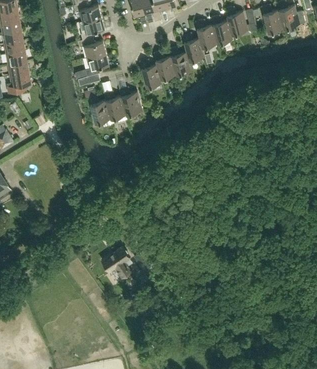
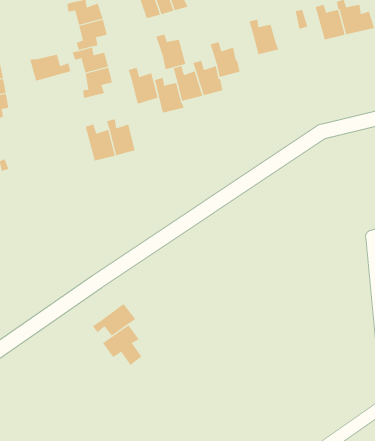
building: [225,7,248,34] -> none
building: [195,20,218,47] -> [156,34,186,70]
building: none -> [30,54,71,81]
building: [119,87,142,115] -> [128,67,158,104]
building: none -> [92,303,136,336]

